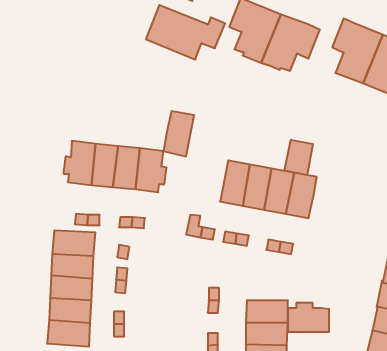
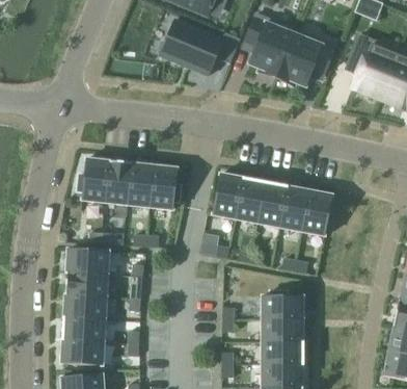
building: [163,111,194,156] -> [212,173,243,218]
building: [284,140,313,175] -> none
building: [288,303,329,332] -> [262,289,303,318]

